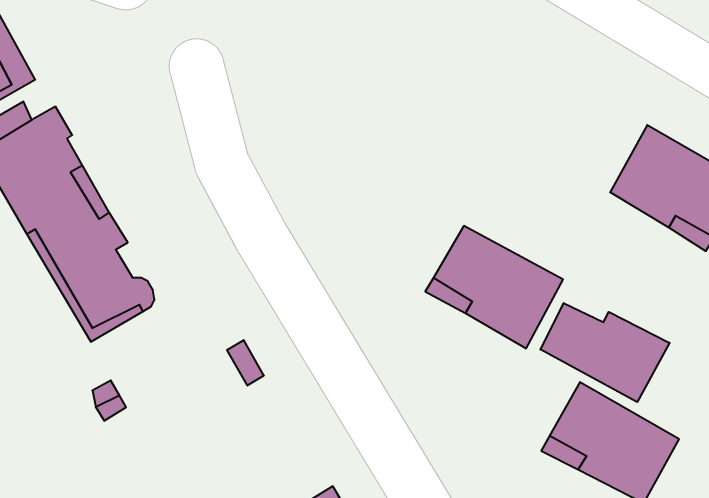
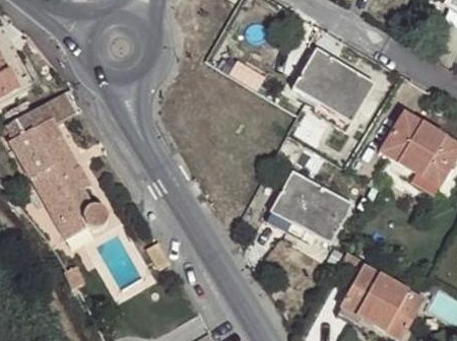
building: none -> [291,49,375,123]
building: [540,303,670,402] -> none

